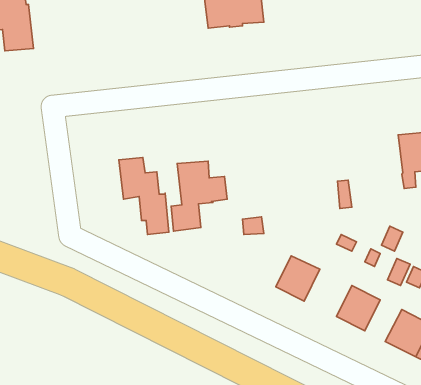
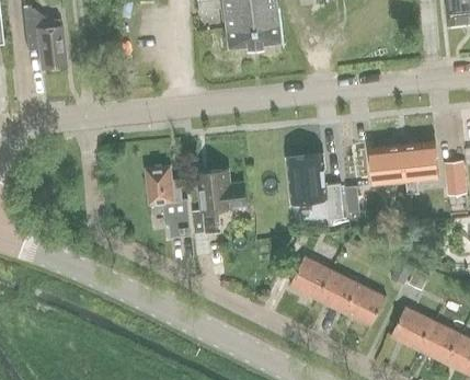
building: none -> [370,145,406,184]
building: none -> [287,153,344,219]
building: none -> [316,268,359,312]

